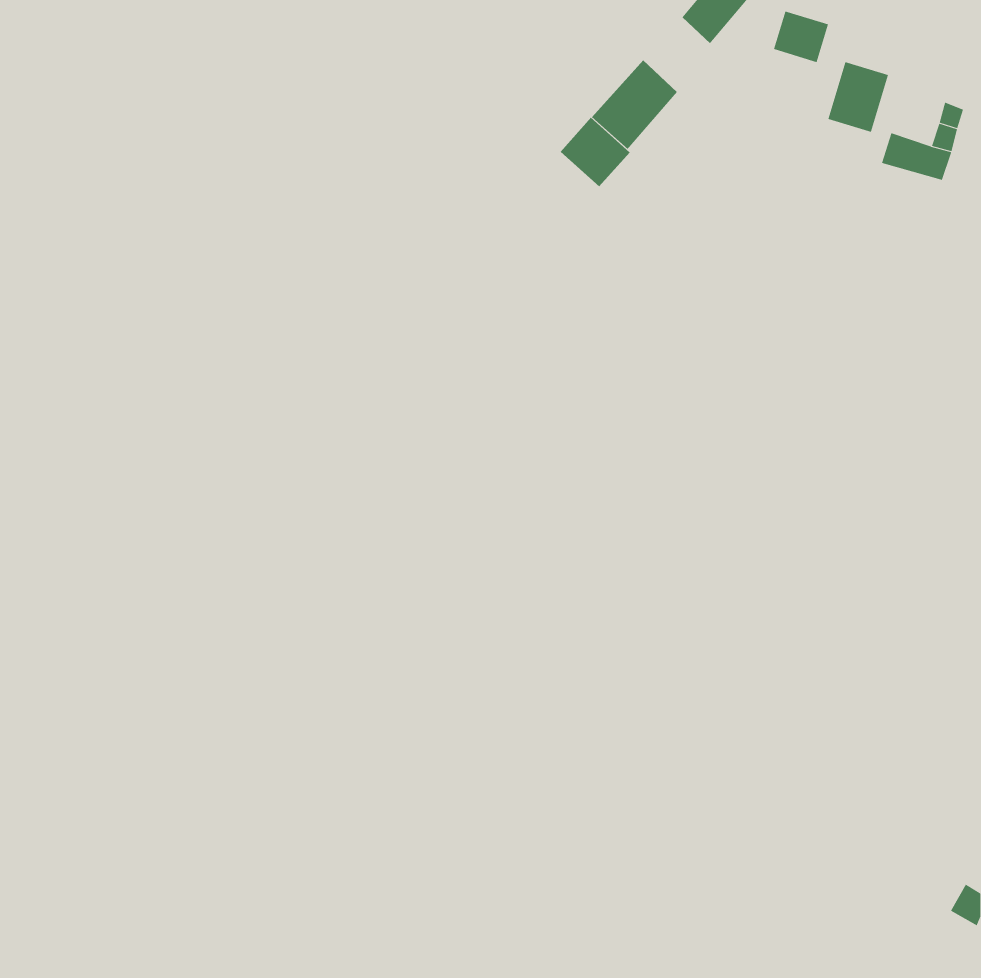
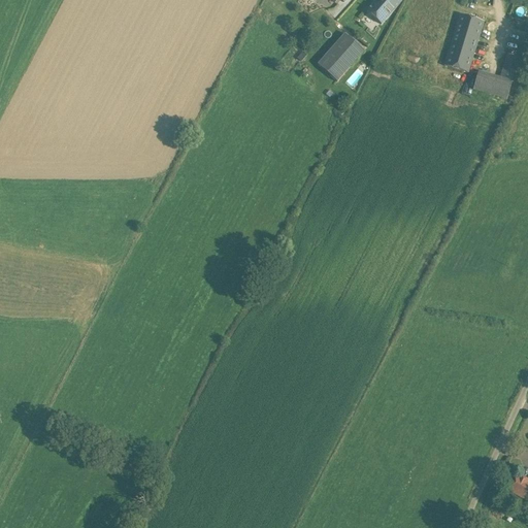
building: [773,11,829,63] -> [454,12,484,40]
building: [560,117,630,187] -> none

